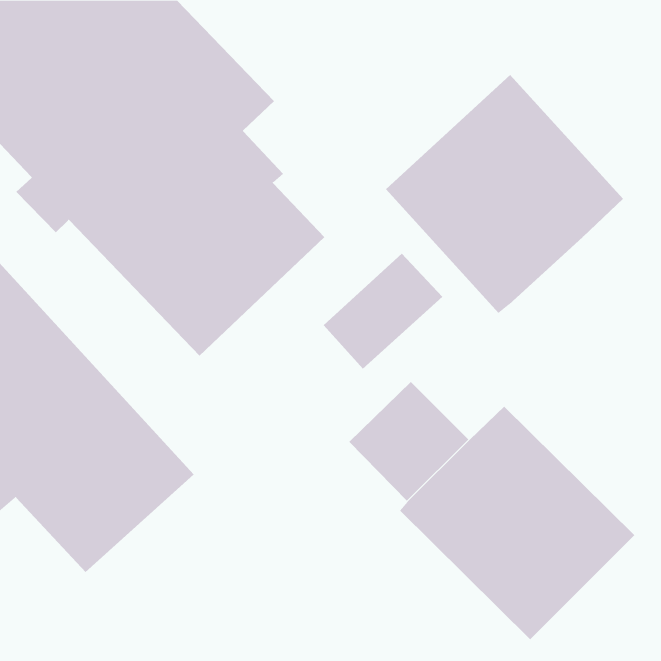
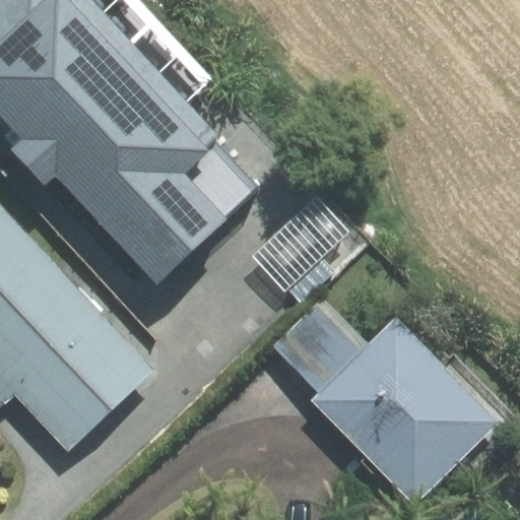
building: [385,74,624,314] -> none

